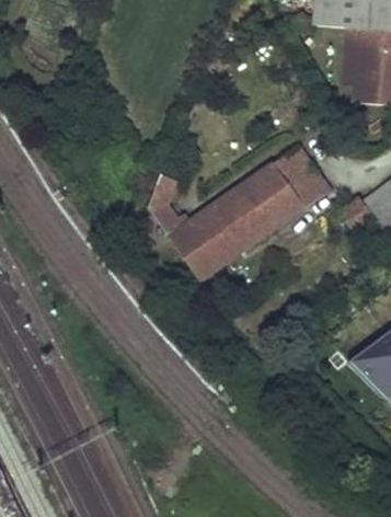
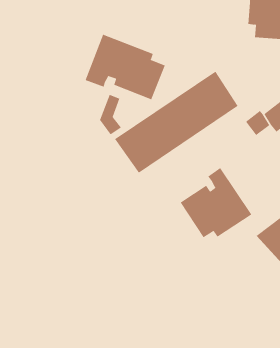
building: none -> [85,34,166,100]
building: none -> [180,167,252,238]

